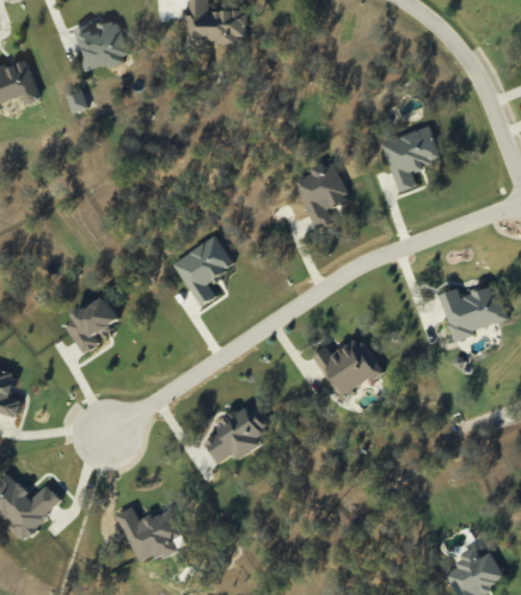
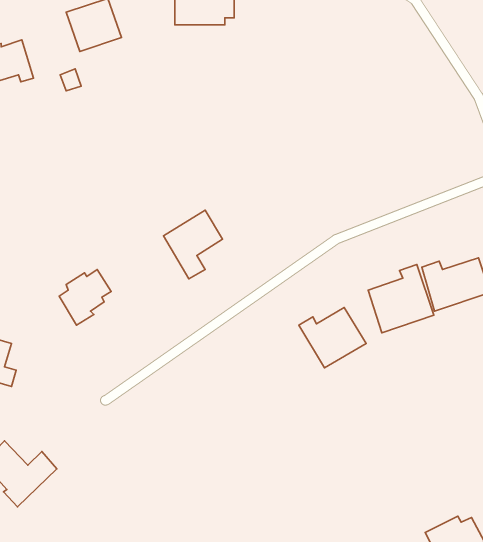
building: [380,124,440,191] -> none
building: [292,159,349,229] -> none
building: none -> [368,265,434,333]
building: [203,400,268,462] -> none
building: [116,505,180,563] -> none

